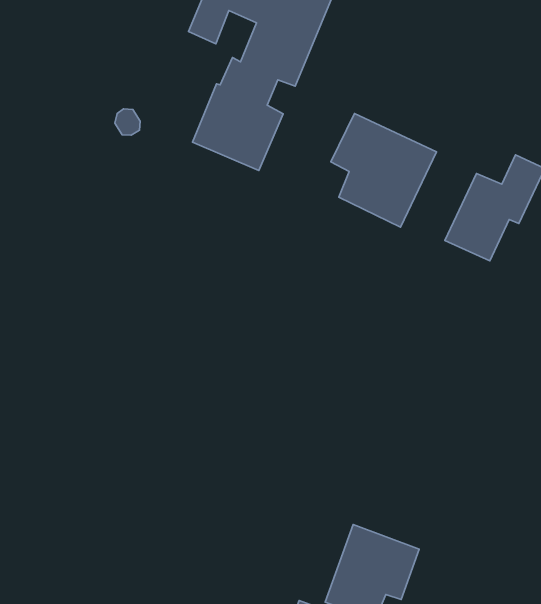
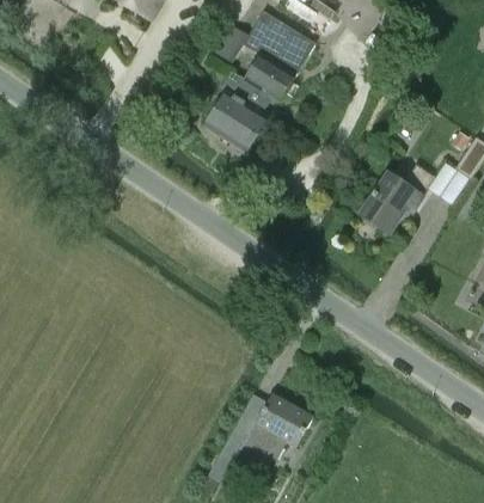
building: [331,113,436,227] -> none

